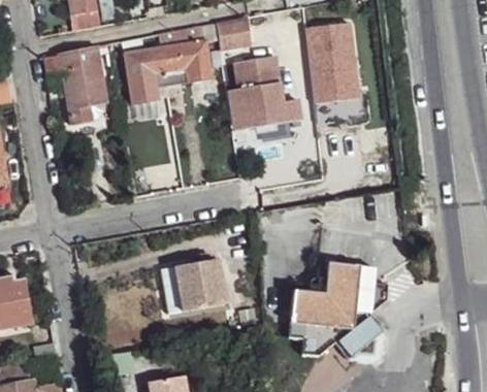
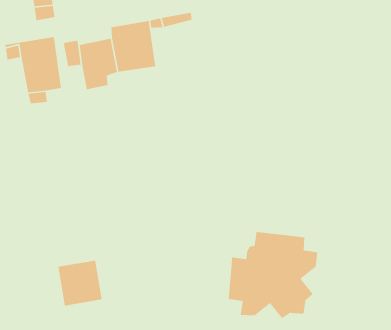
building: [303,21,360,103] -> none
building: [237,53,301,128] -> none
building: [174,258,224,309] -> [58,260,102,306]

